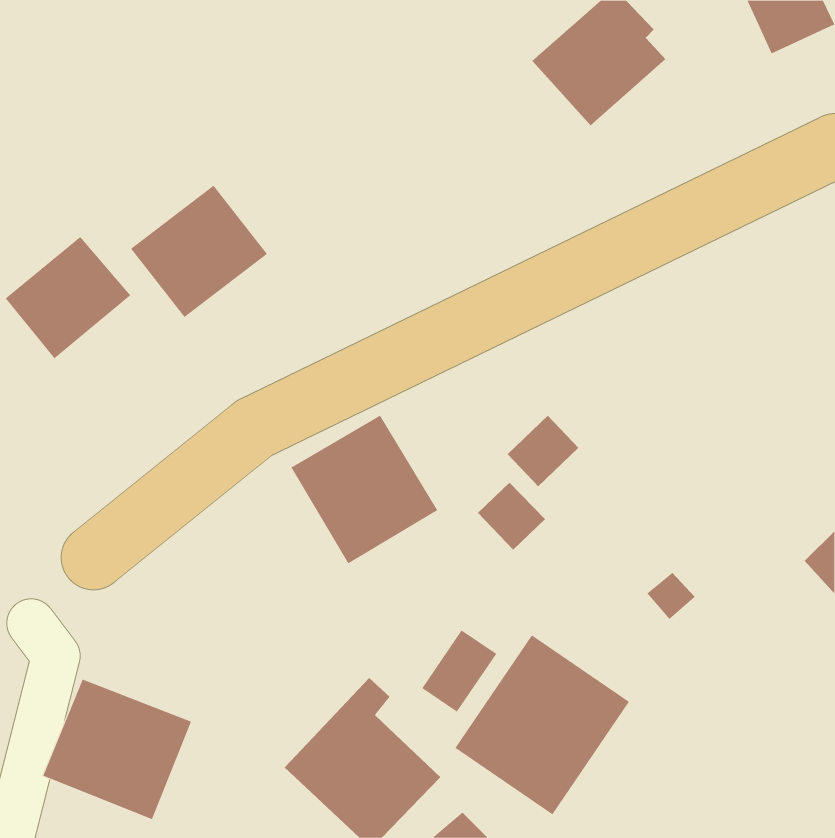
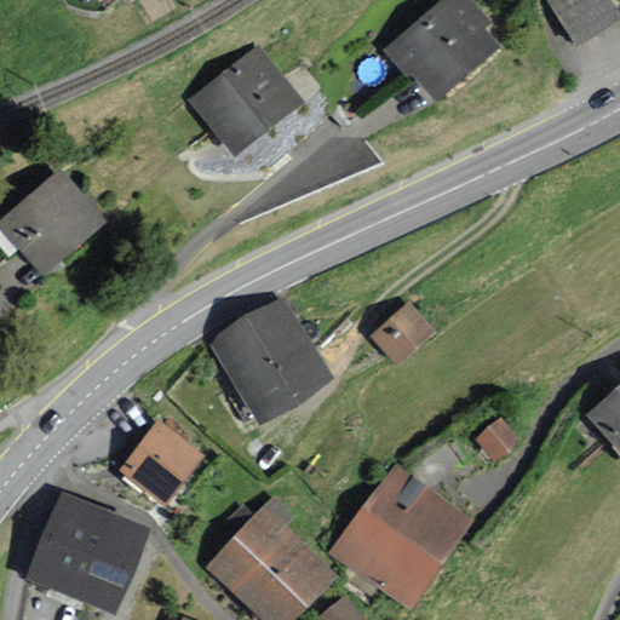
building: [130,185,268,318] -> [194,50,295,148]
building: [477,482,546,550] -> none
building: none -> [122,425,194,496]
building: [421,630,497,712] -> none

